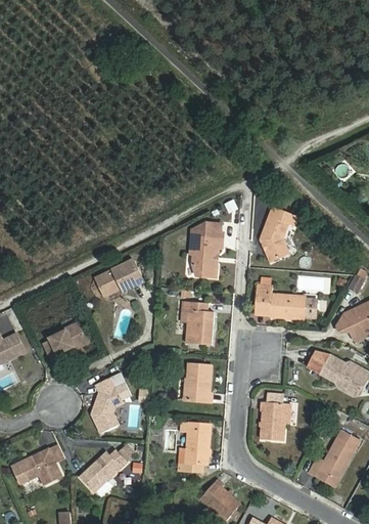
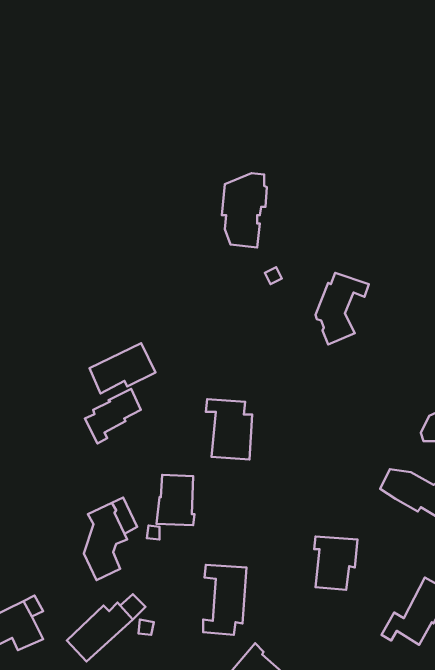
building: [189,223,222,277] -> [222,173,267,247]
building: [253,286,317,318] -> none
building: [43,322,84,362] -> [85,389,141,444]
building: [183,364,211,401] -> [157,475,194,525]

